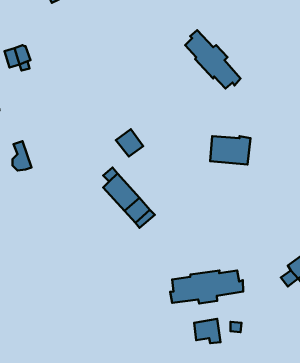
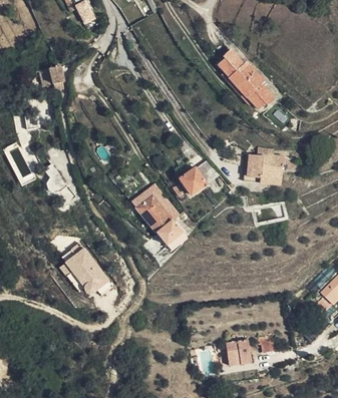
building: [116,129,143,156] -> [180,167,207,194]
building: none -> [64,243,111,295]
building: [170,271,243,304] -> none

